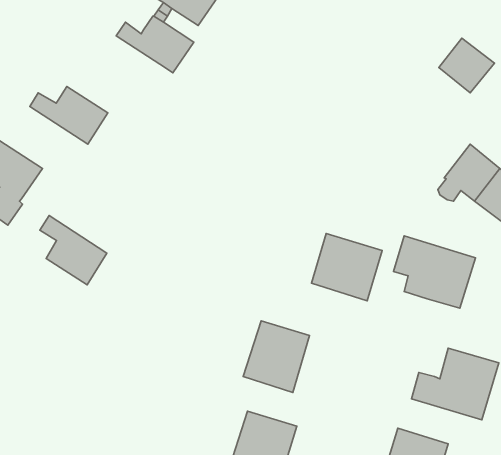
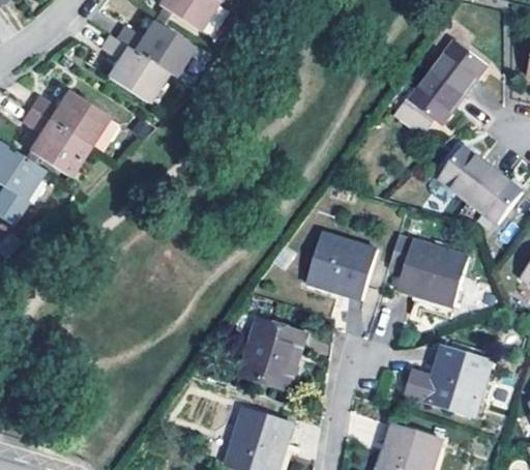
building: none -> [99,34,165,101]
building: none -> [399,69,464,129]
building: [40,215,107,285] -> [21,108,87,176]

